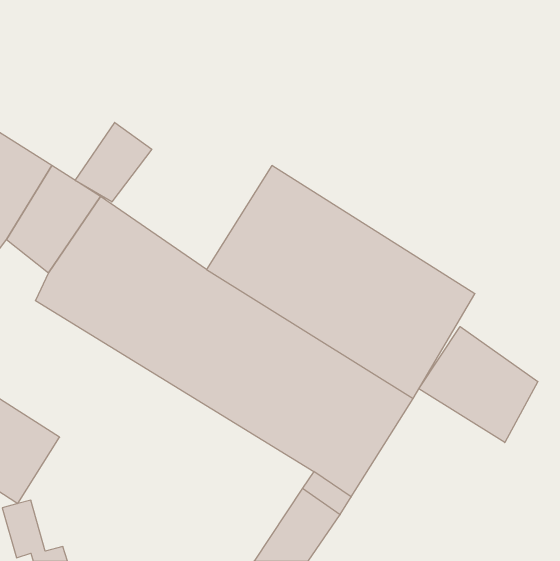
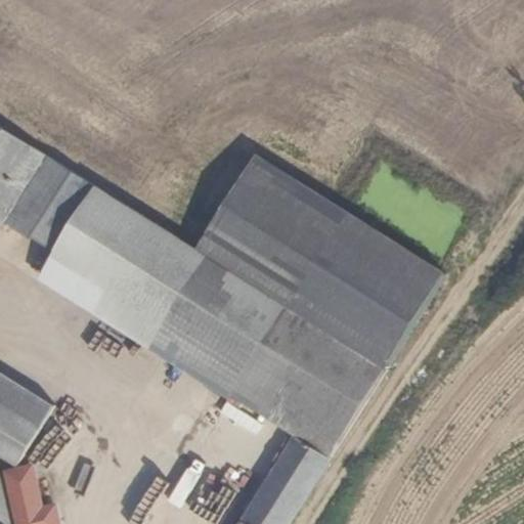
building: [75,122,152,202] -> none
building: [419,327,538,443] -> none

